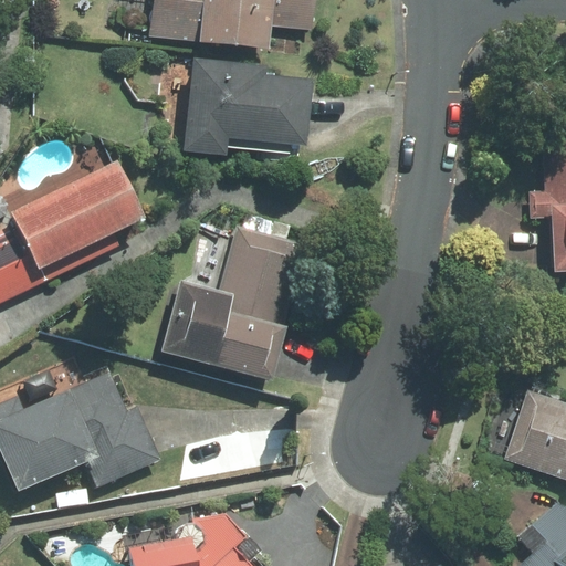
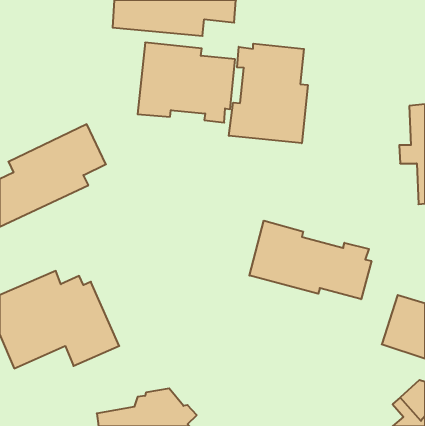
building: none -> [229,44,308,143]
building: [164,226,306,377] -> none
building: none -> [249,221,371,299]

